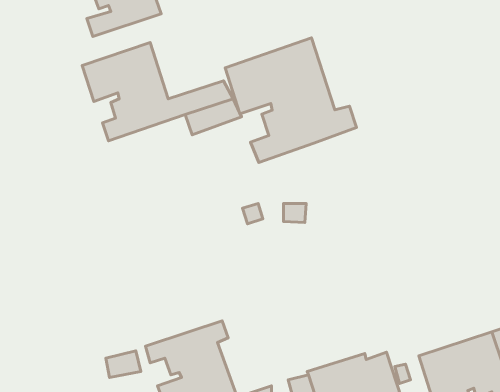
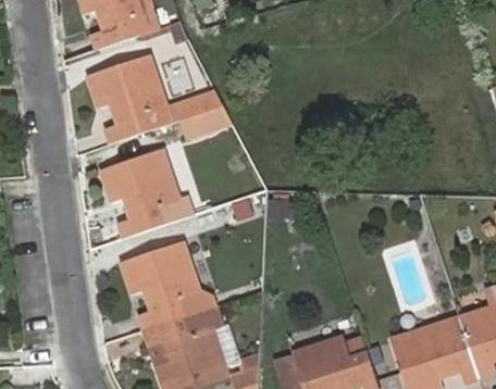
building: [225,38,357,163] -> none
building: none -> [100,149,193,237]
building: none -> [121,241,200,329]

